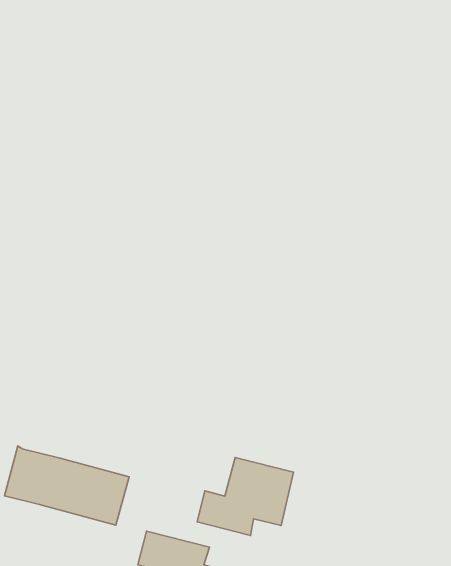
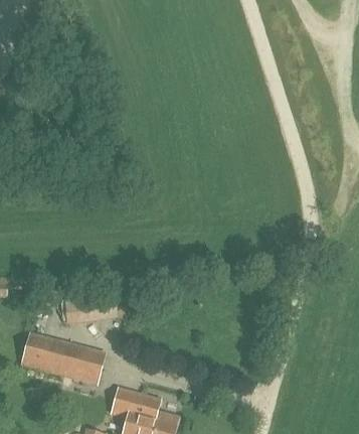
building: [197,457,293,536] -> none

